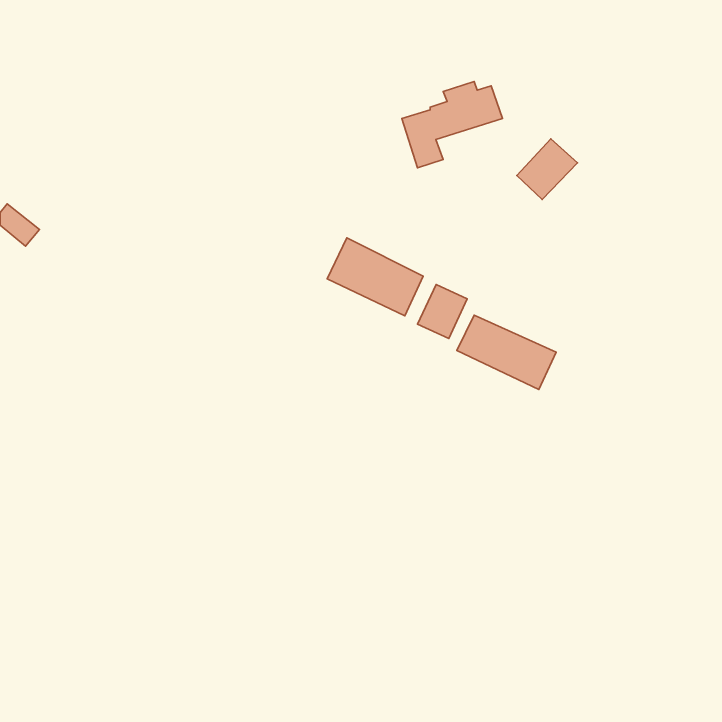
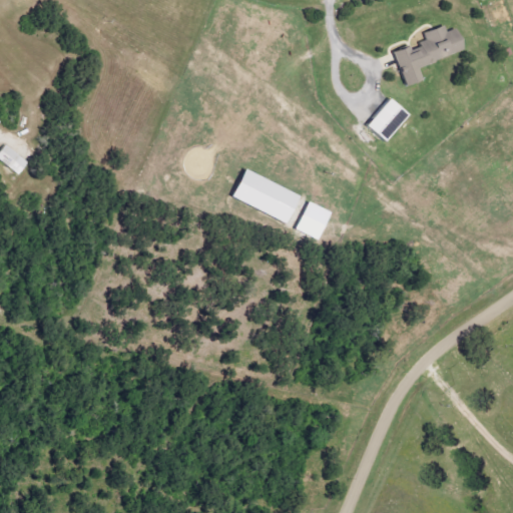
building: [402,82,502,168] -> [395,25,466,86]
building: [457,315,556,389] -> none

